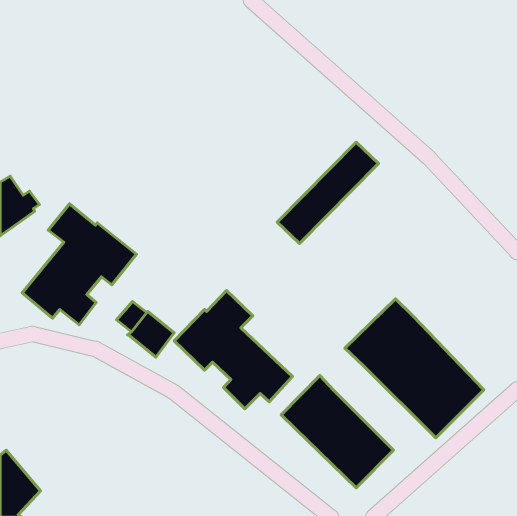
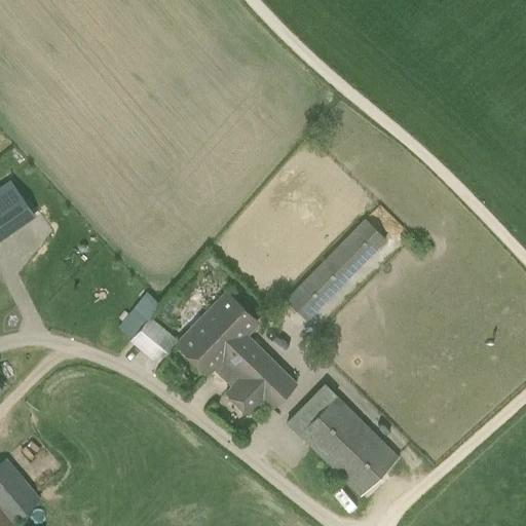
building: [277,142,379,243] -> [285,218,387,321]
building: [22,204,136,325] -> none
building: [345,299,484,438] -> none

